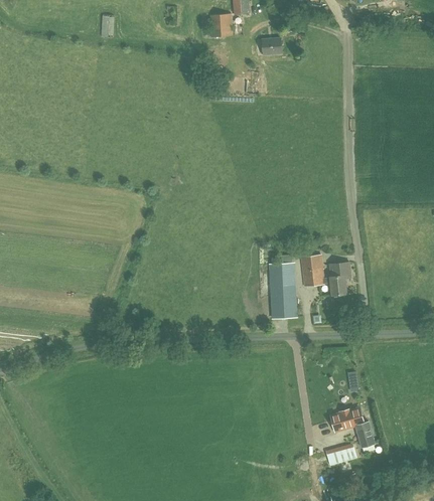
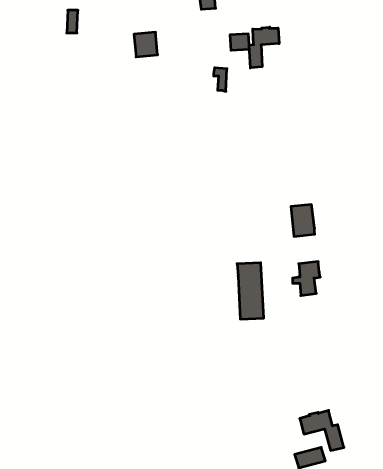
building: [208,13,232,37] -> [134,32,158,57]
building: none -> [249,27,279,68]
building: [300,255,323,286] -> [291,205,315,236]

